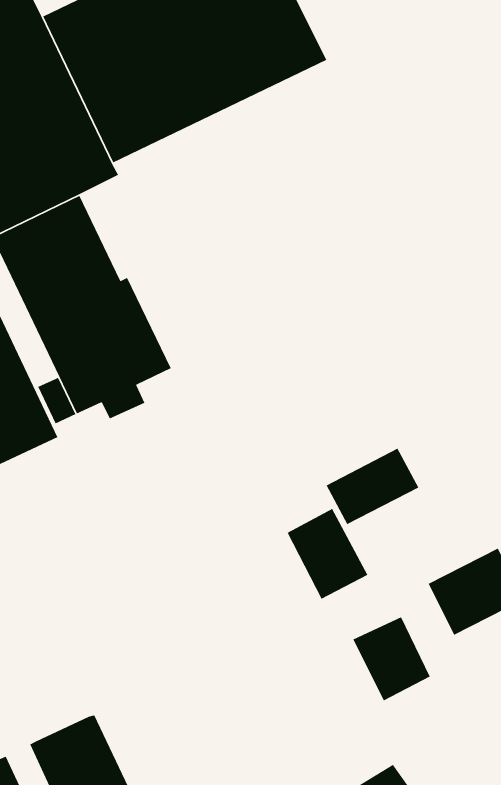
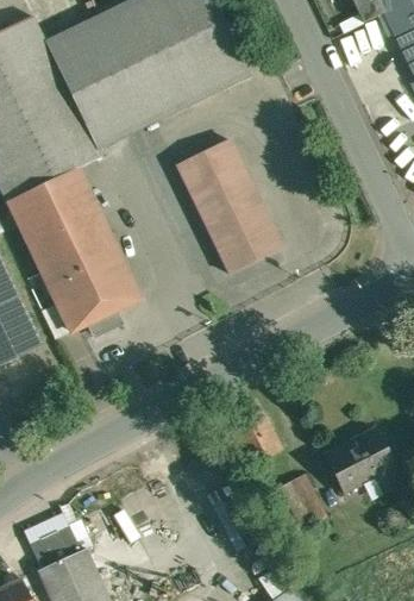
building: none -> [176,138,280,270]
building: [325,448,419,525] -> none
building: none -> [29,522,79,566]

